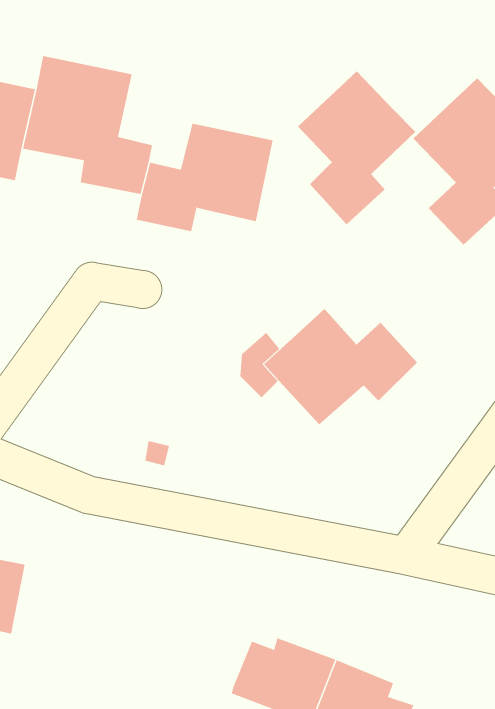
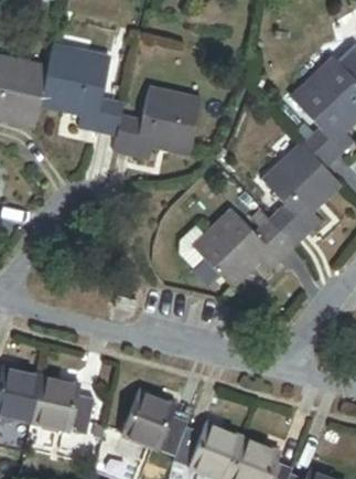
building: [297,71,416,225] -> [262,143,339,244]
building: none -> [31,375,91,432]
building: none -> [120,391,187,455]

